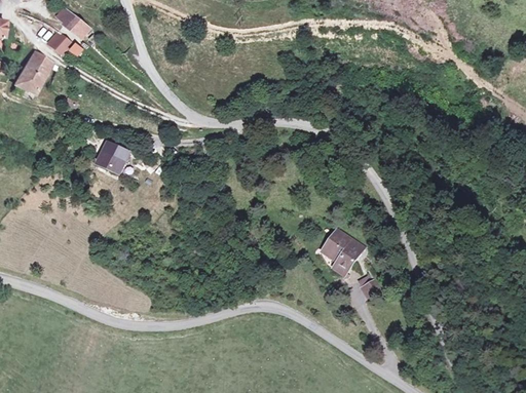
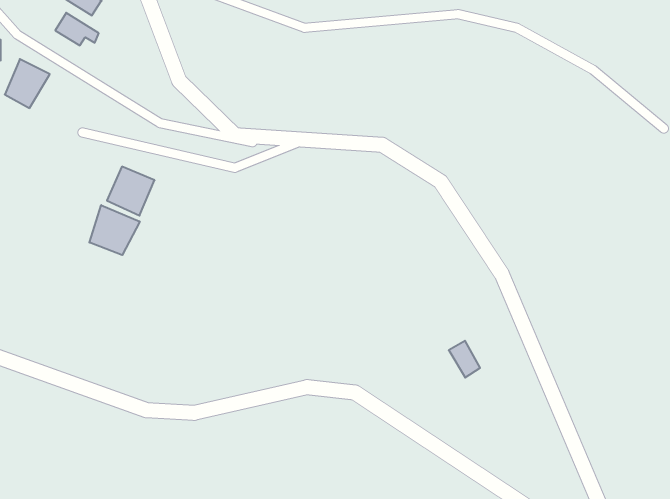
building: none -> [89,205,140,255]
building: [320,230,362,279] -> none

